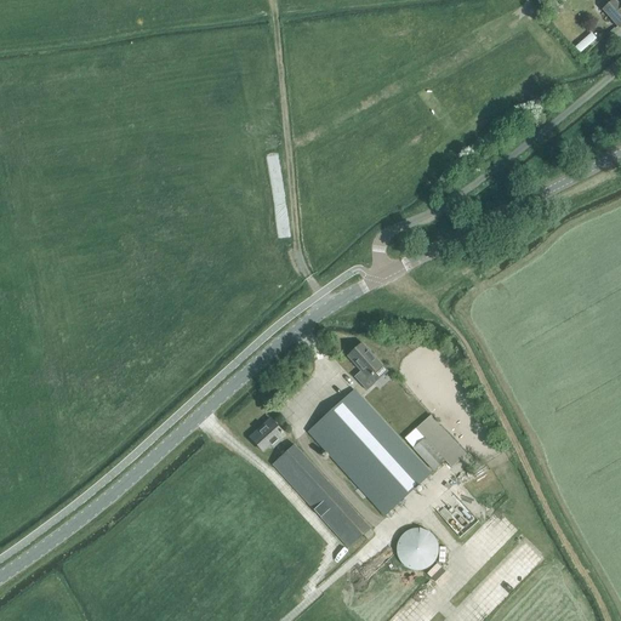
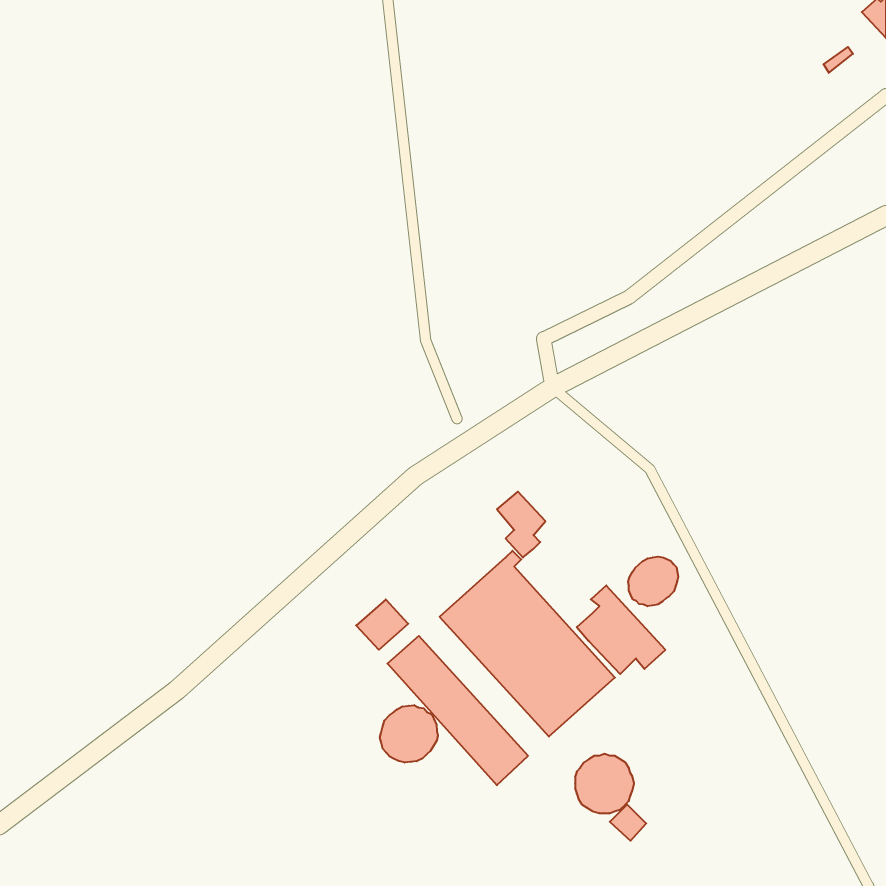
building: none -> [628,557,678,606]
building: none -> [380,705,438,763]

